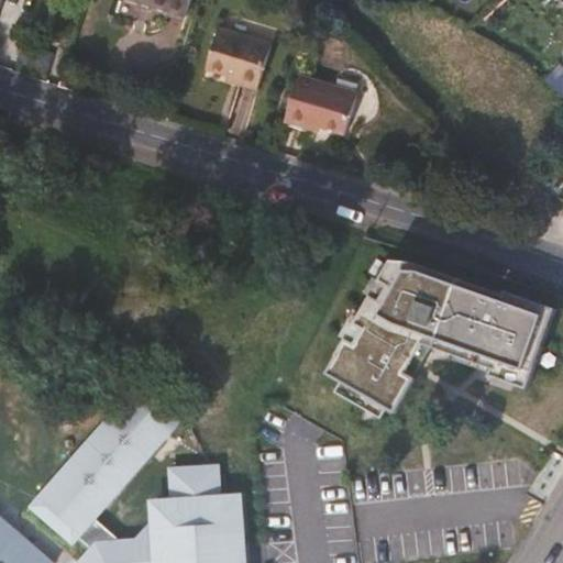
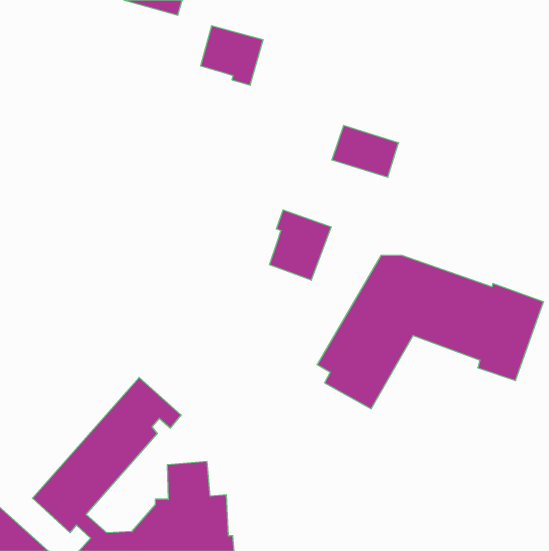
building: [284,81,352,134] -> [332,125,399,177]
building: none -> [269,210,331,280]

